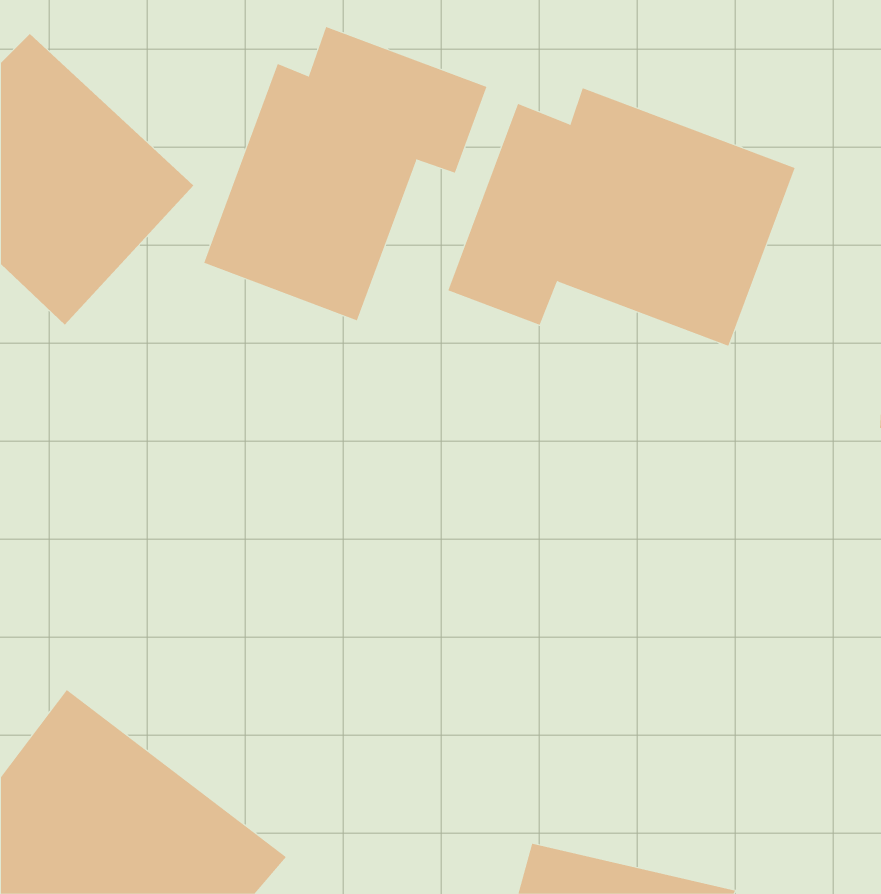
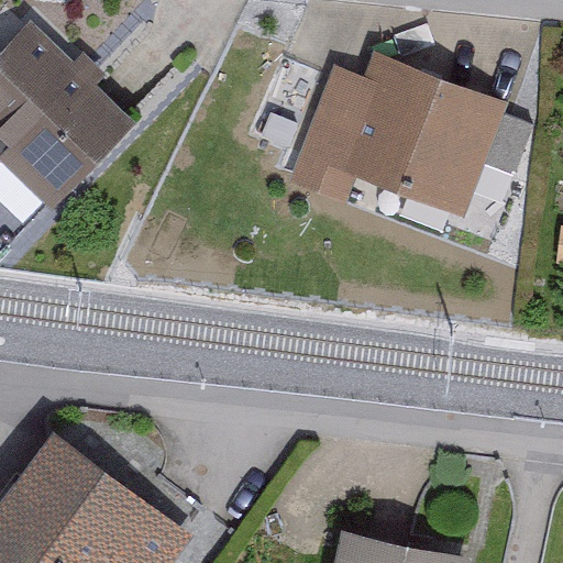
building: [203,26,487,321] -> none

